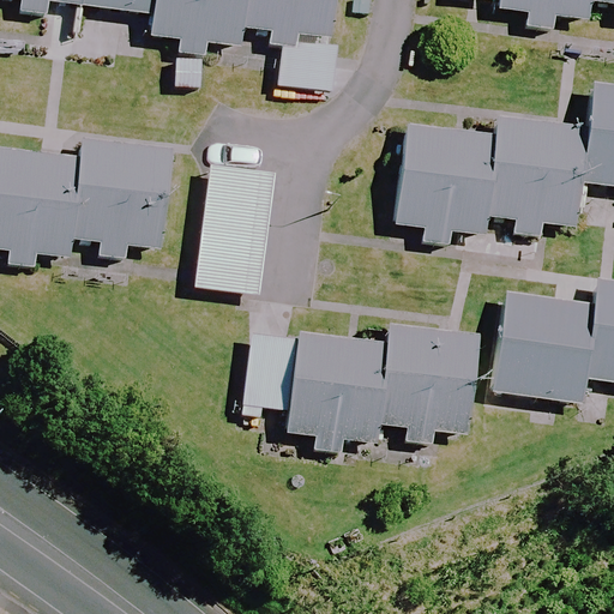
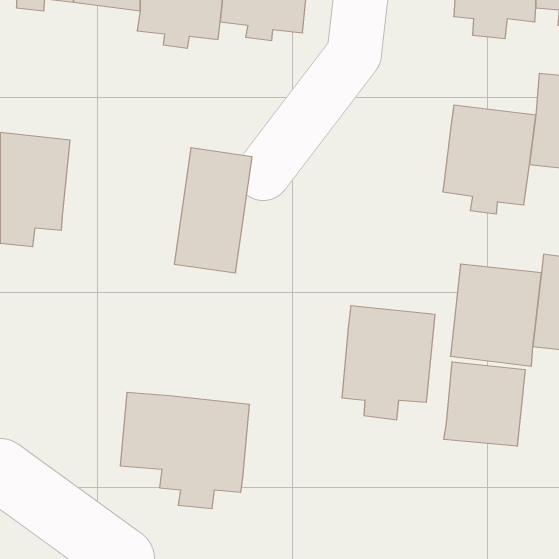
building: [396,122,495,242] -> none
building: [70,137,173,260] -> none
building: [241,342,383,469] -> [120,392,250,509]
building: none -> [444,362,525,446]

